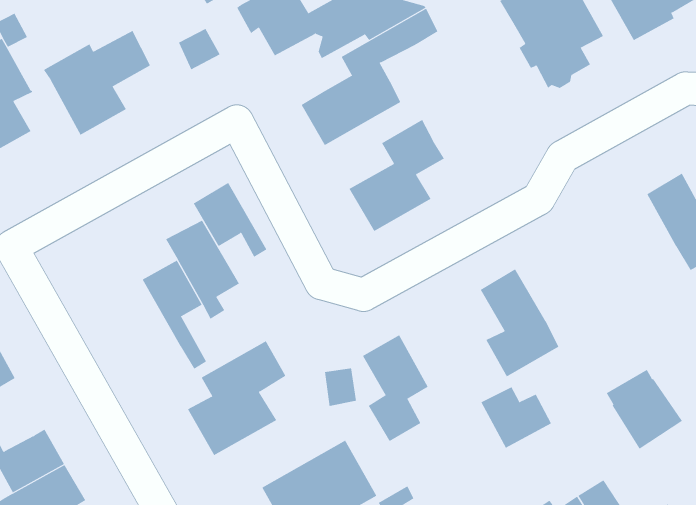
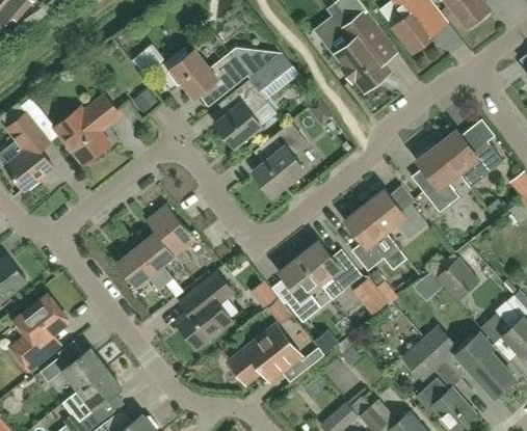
building: [193,182,267,258] -> [115,248,165,292]
building: none -> [416,146,458,213]
building: none -> [363,189,427,239]
building: none -> [298,241,362,291]

